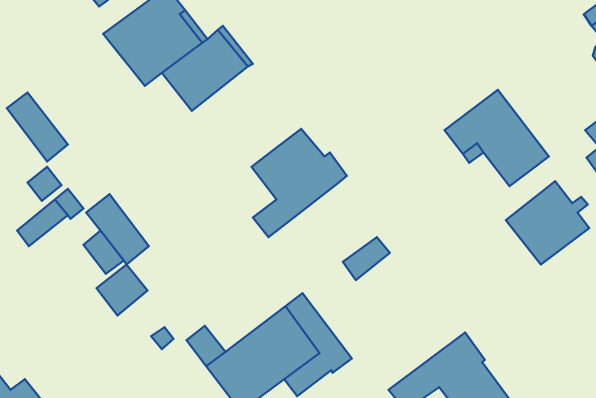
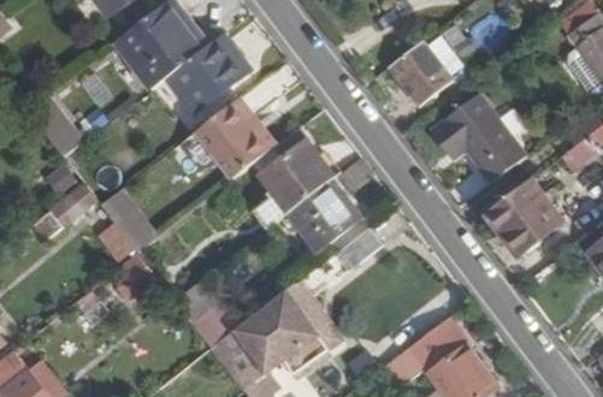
building: none -> [392,42,451,102]
building: none -> [197,97,277,177]
building: none -> [289,178,360,250]

